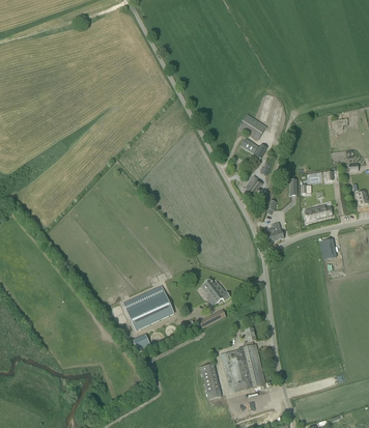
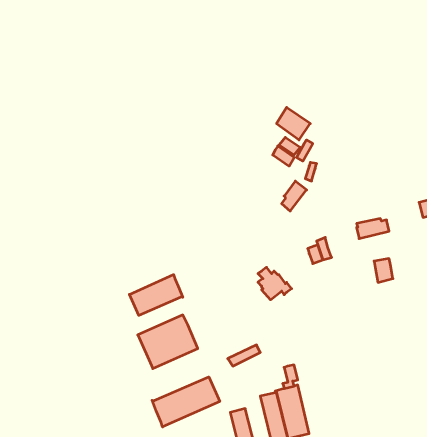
building: none -> [129,275,183,315]
building: [202,278,230,305] -> [258,267,292,300]
building: none -> [152,377,220,427]

